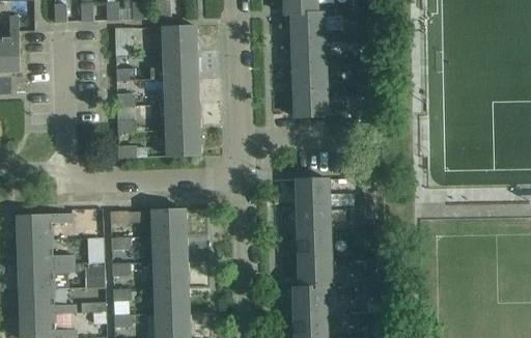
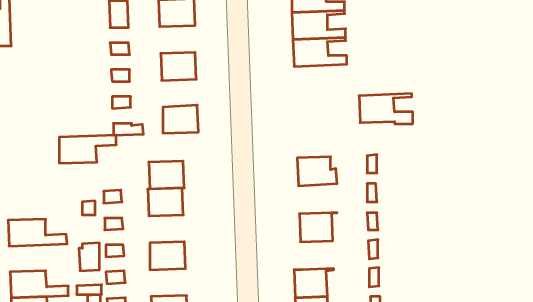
building: [150,52,197,79] -> none
building: [292,89,344,118] -> [359,94,413,124]
building: [165,104,199,131] -> none
building: [297,204,334,233] -> none
building: [17,213,72,240] -> [59,135,116,163]
building: [152,234,187,261] -> [149,161,184,189]
building: [299,259,331,287] -> none
building: [18,262,74,289] -> none
building: [153,286,189,313] -> none

